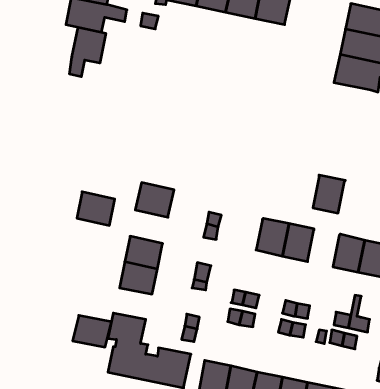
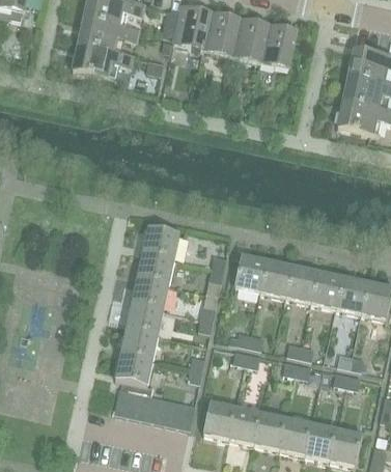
building: [70,27,106,77] -> none
building: [313,175,345,213] -> [311,270,343,307]
building: [77,192,115,225] -> [136,251,173,284]
building: none -> [233,253,268,290]
building: [73,315,111,347] -> [119,328,158,359]

